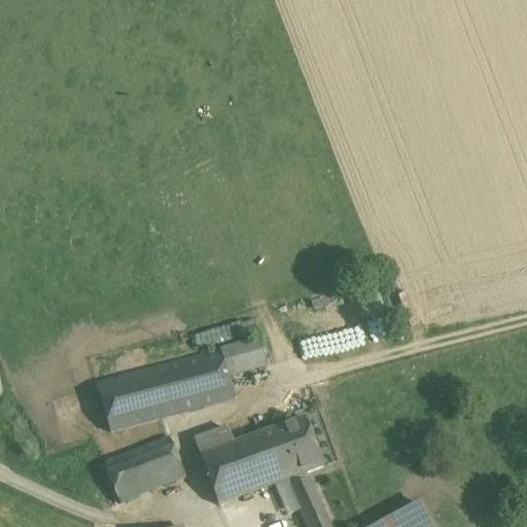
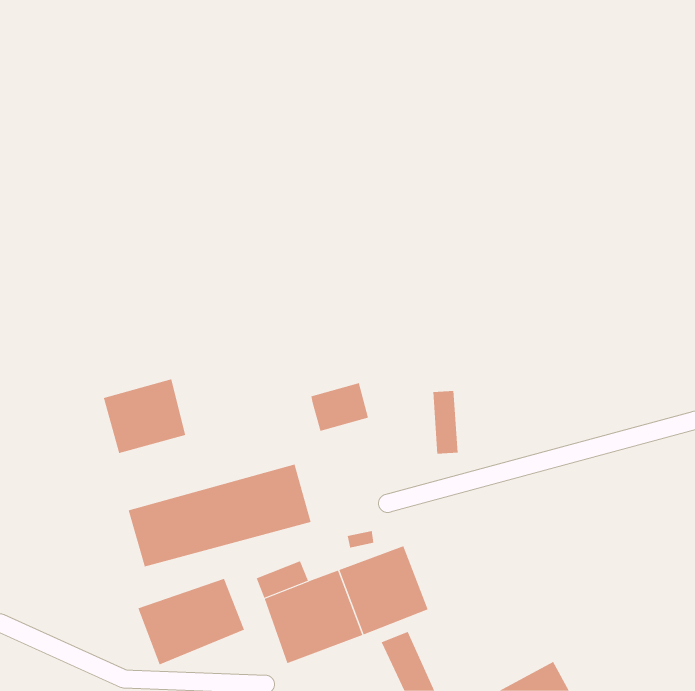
building: none -> [103,379,186,454]
building: [222,336,267,373] -> [310,382,369,431]

